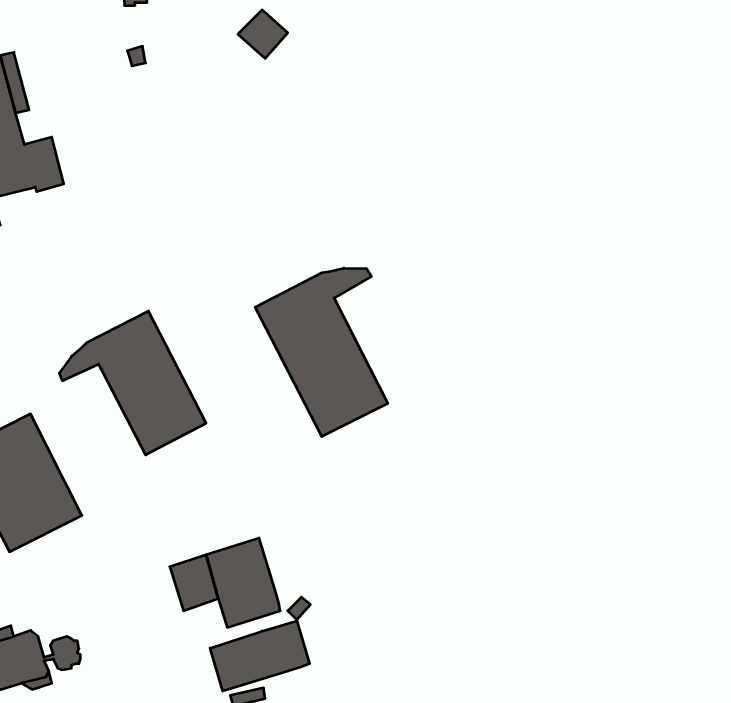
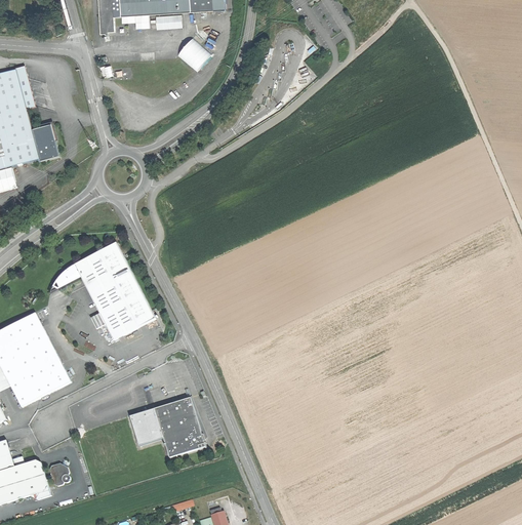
building: [255,268,388,437] -> none
building: [210,621,310,691] -> none

